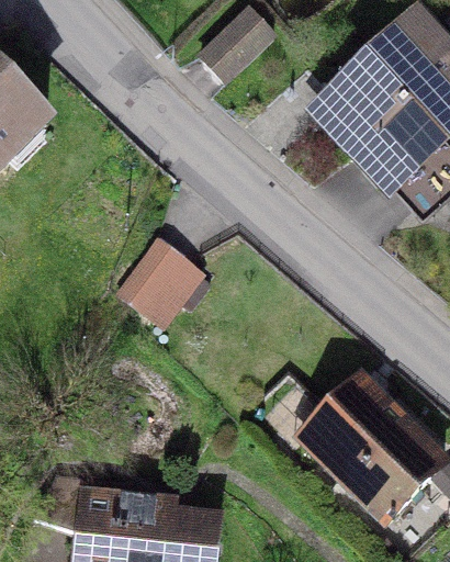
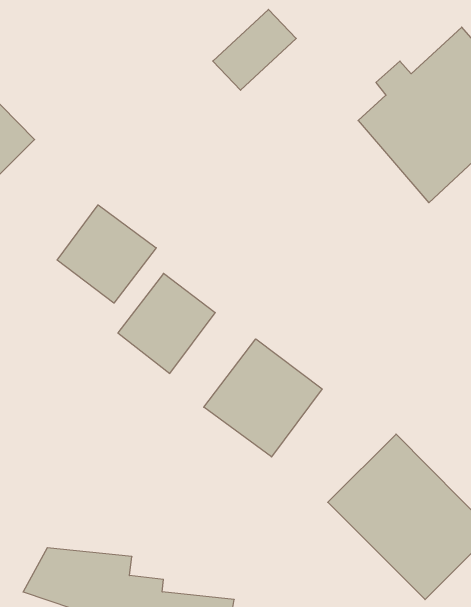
building: none -> [57,205,156,303]
building: none -> [204,339,322,457]

